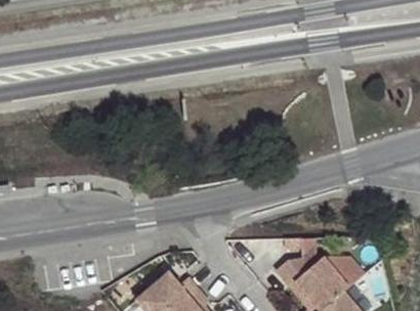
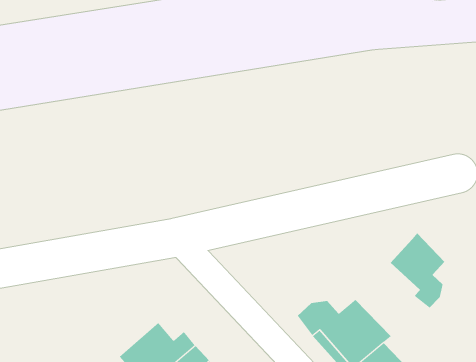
building: none -> [390,233,445,309]

